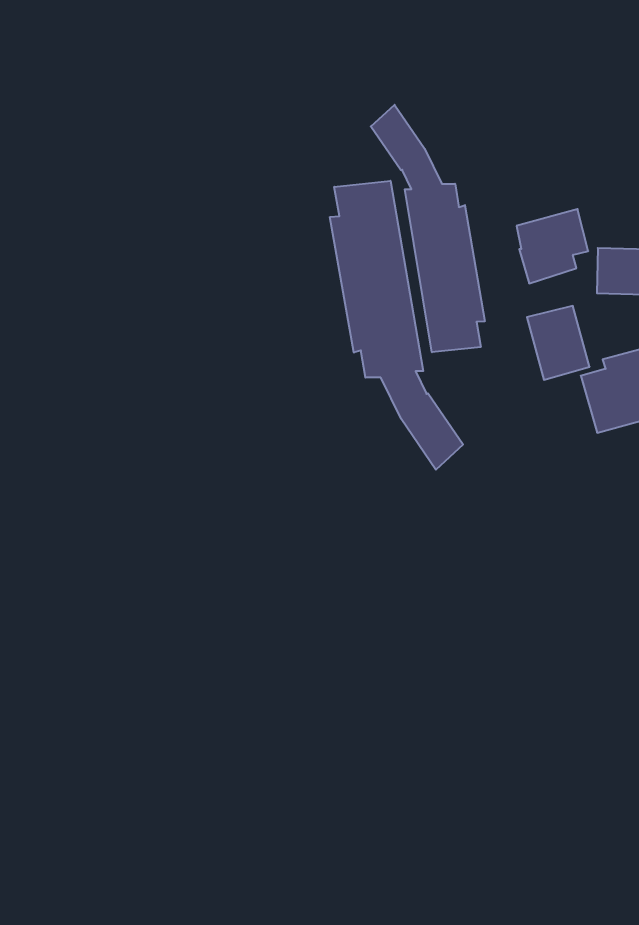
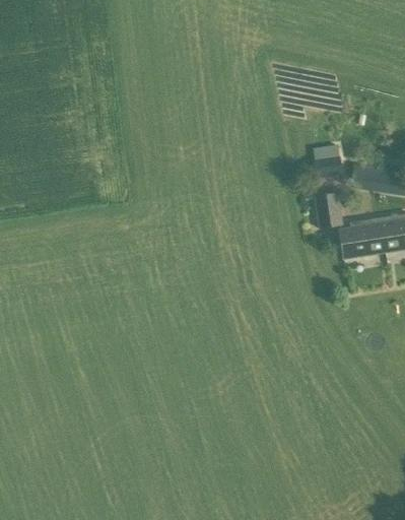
building: [371,105,485,352] -> none
building: [330,181,463,470] -> none

